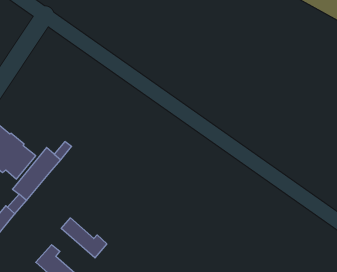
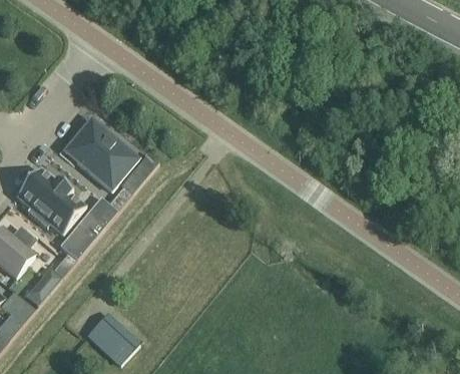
building: none -> [64,118,137,189]
building: [61,218,107,258] -> none

